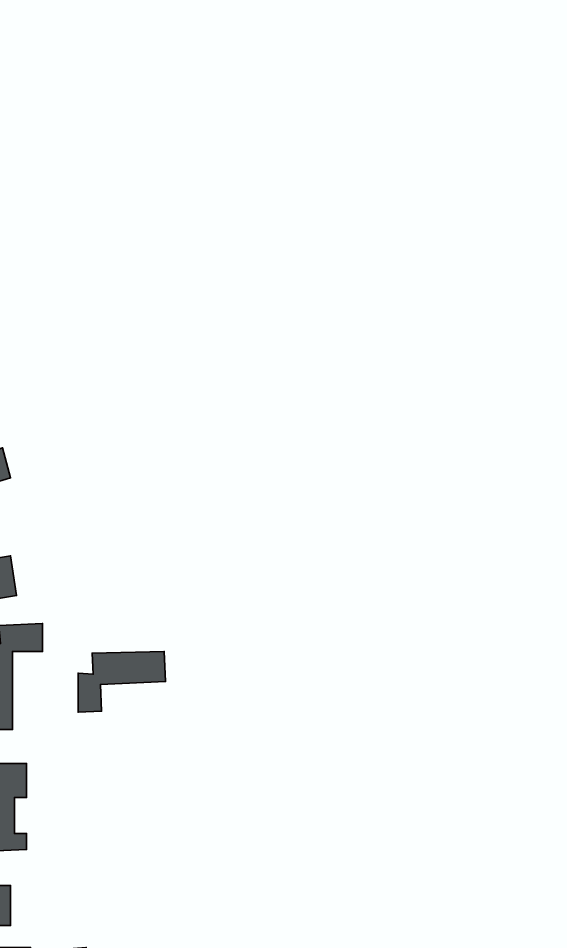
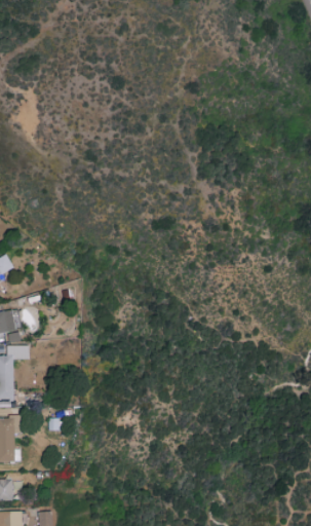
building: [78,651,166,712] -> none

